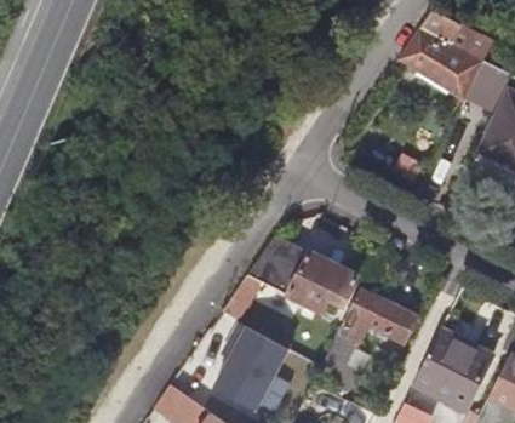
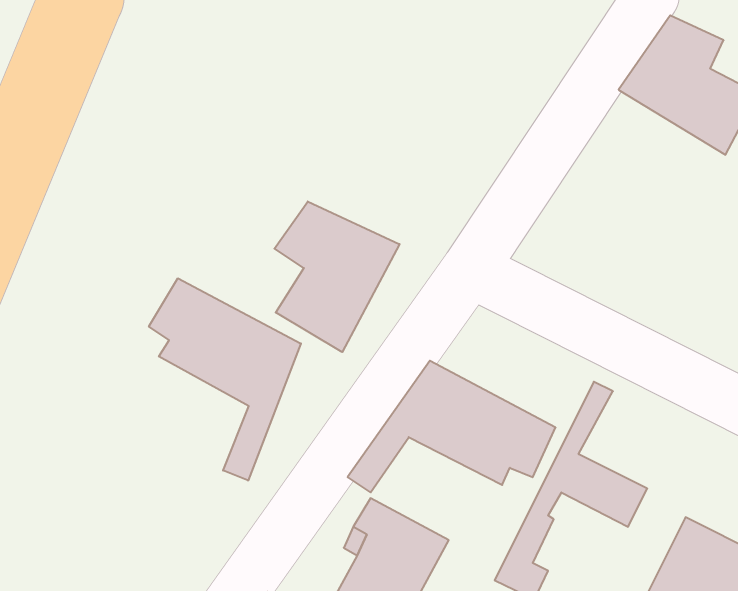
building: none -> [274,201,400,352]
building: none -> [149,278,301,481]

